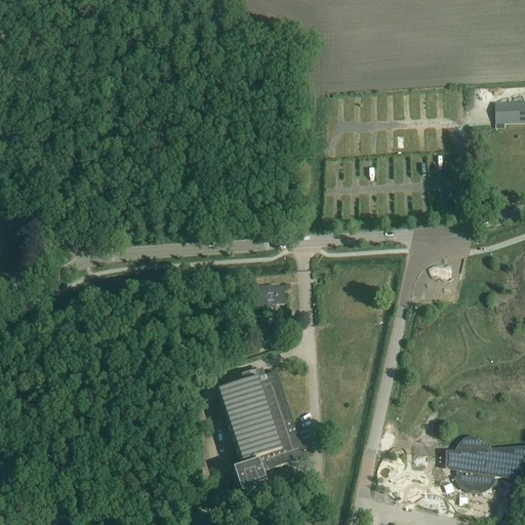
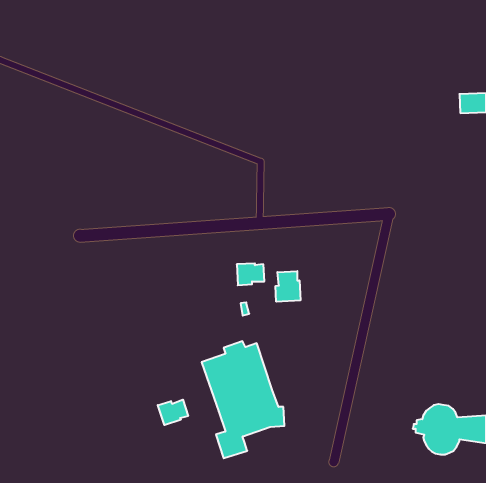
building: none -> [276,271,300,302]
building: none -> [158,400,188,425]

